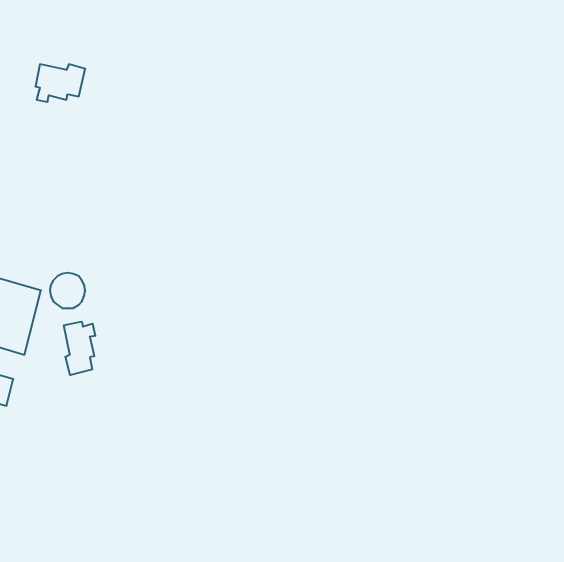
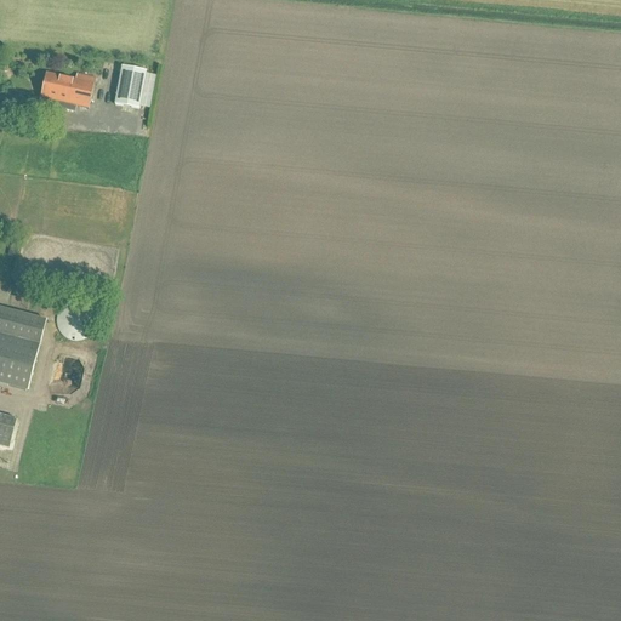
building: none -> [112,63,144,106]
building: [64,322,95,375] -> none

